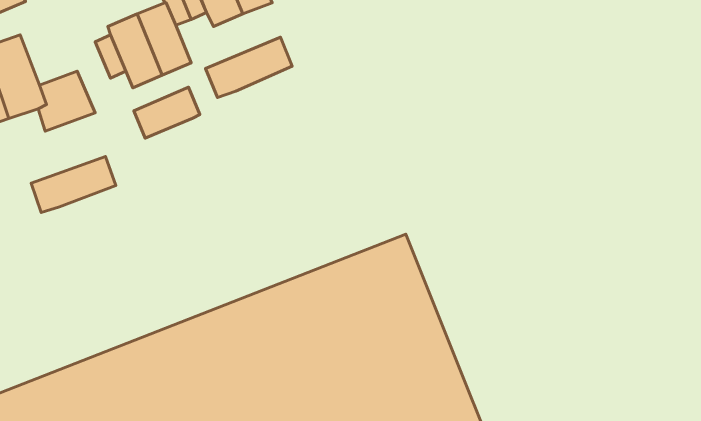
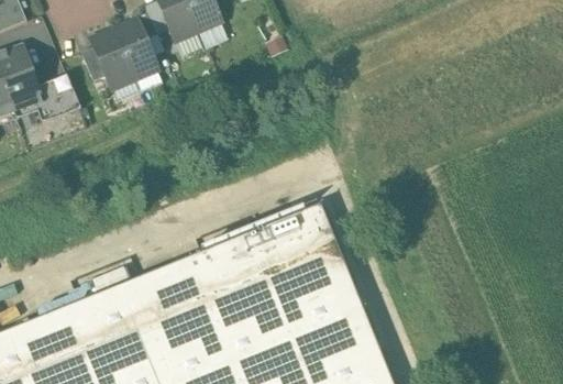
building: [206,37,292,98] -> none
building: [134,87,200,138] -> none
building: [31,156,116,212] -> none

